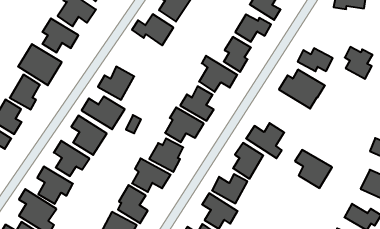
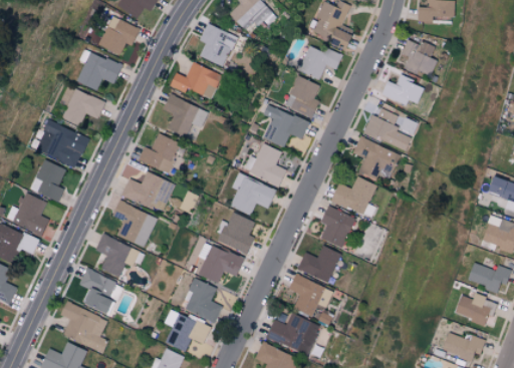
building: none -> [163,94,209,137]
building: [345,47,373,79] -> [402,40,437,77]
building: [295,150,332,188] -> [353,137,401,181]

